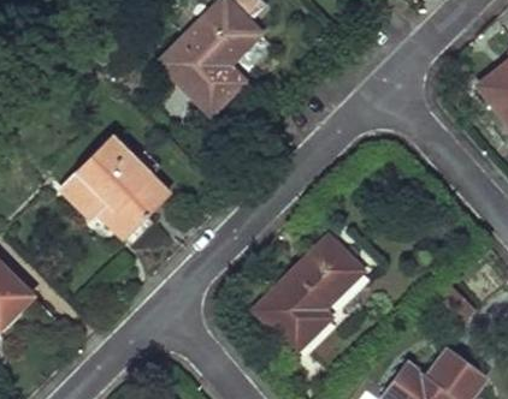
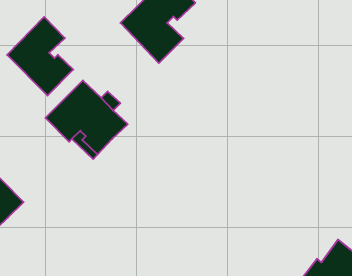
building: none -> [7,17,73,96]
building: [253,236,360,350] -> none

